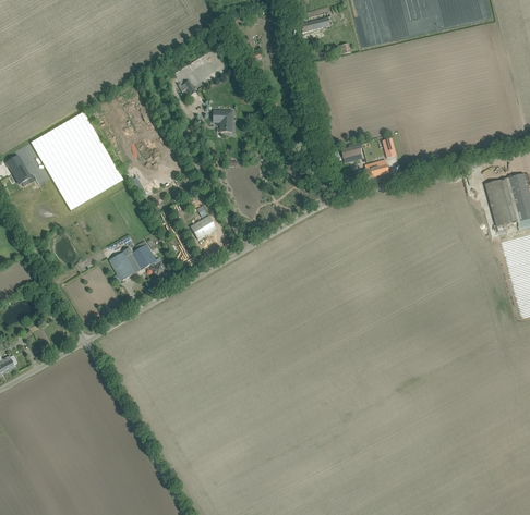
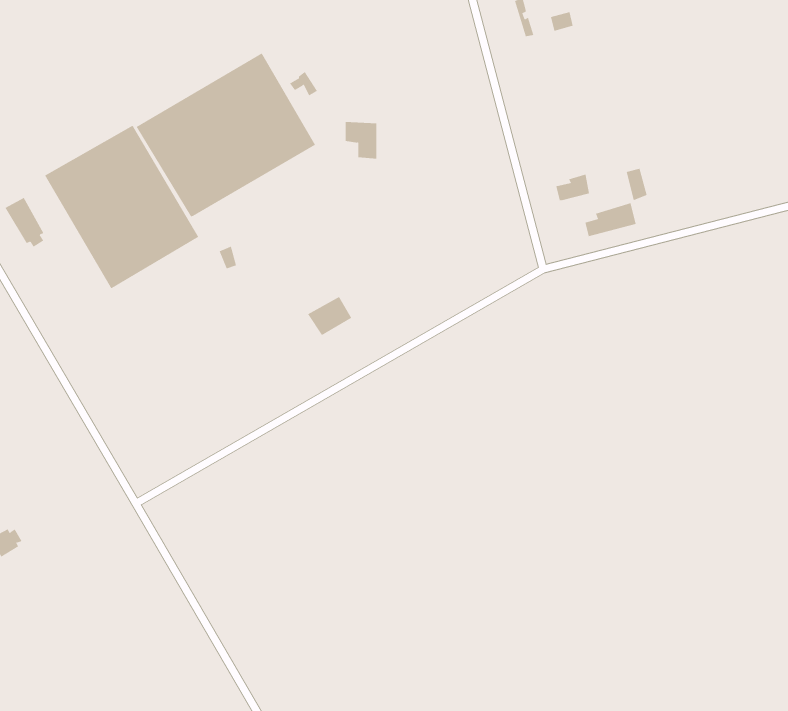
building: none -> [136,53,316,217]
building: [108,244,166,282] -> none

